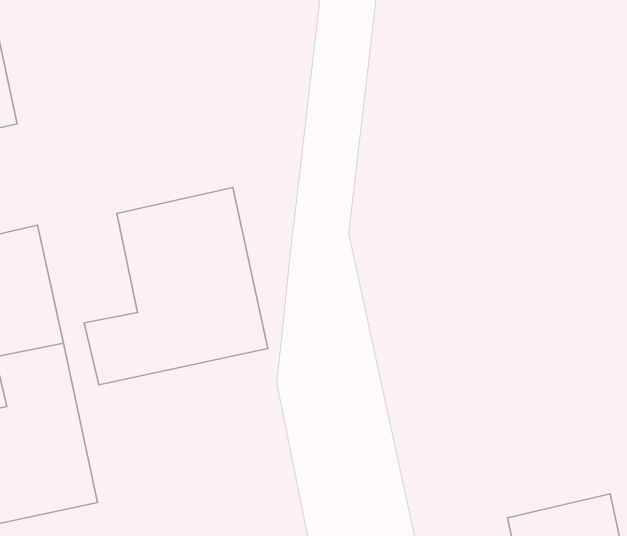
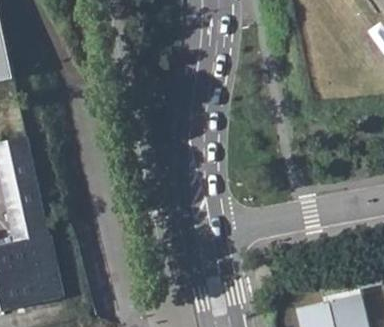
building: [84,187,268,385] -> none

